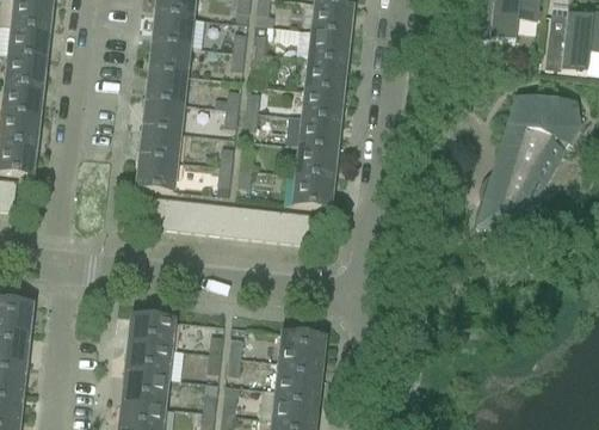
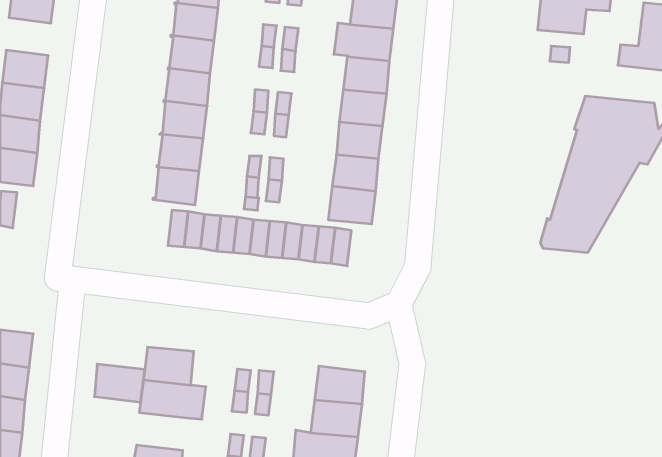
building: [8,26,48,60] -> none
building: [123,374,167,407] -> [94,364,145,402]

